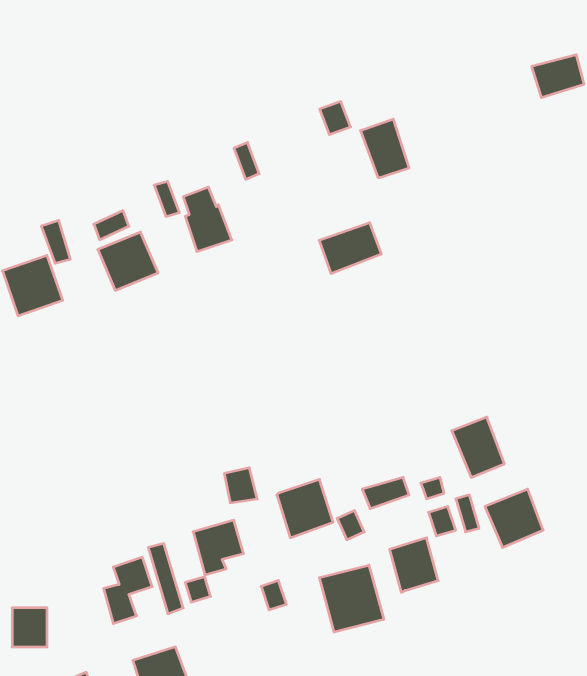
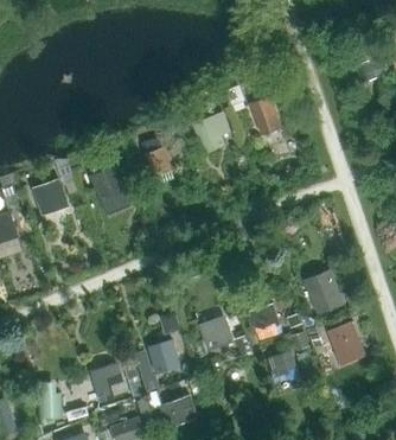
building: [319,223,381,273] -> [192,113,230,144]
building: [319,565,384,632] -> none
building: none -> [157,395,198,428]

